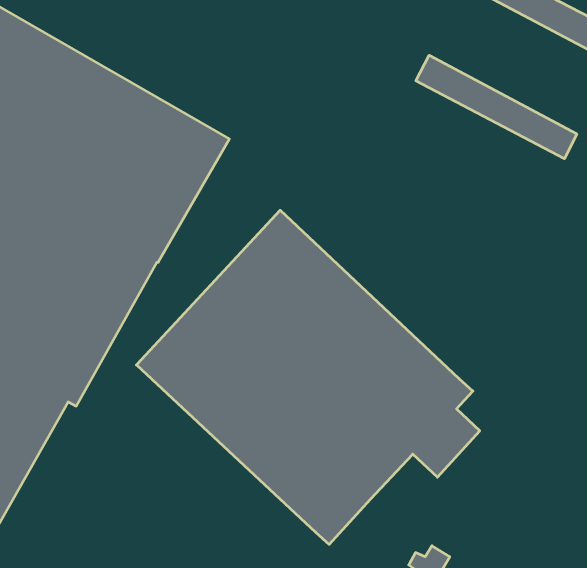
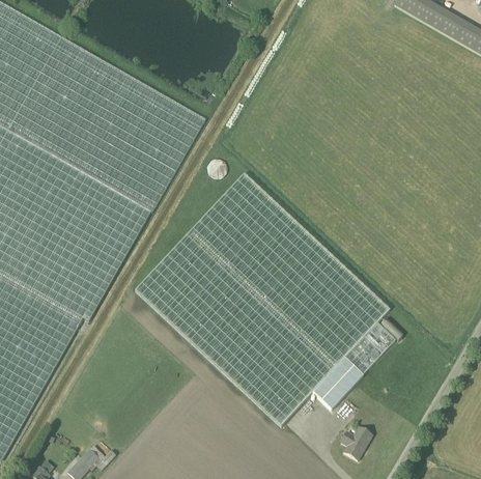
building: [416,55,577,159] -> none
building: none -> [312,357,363,408]

